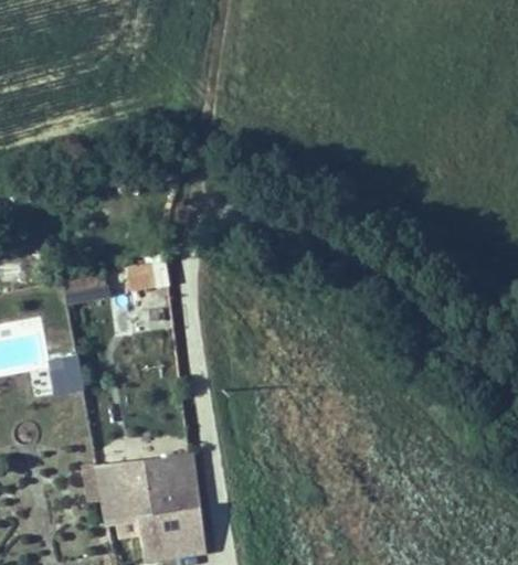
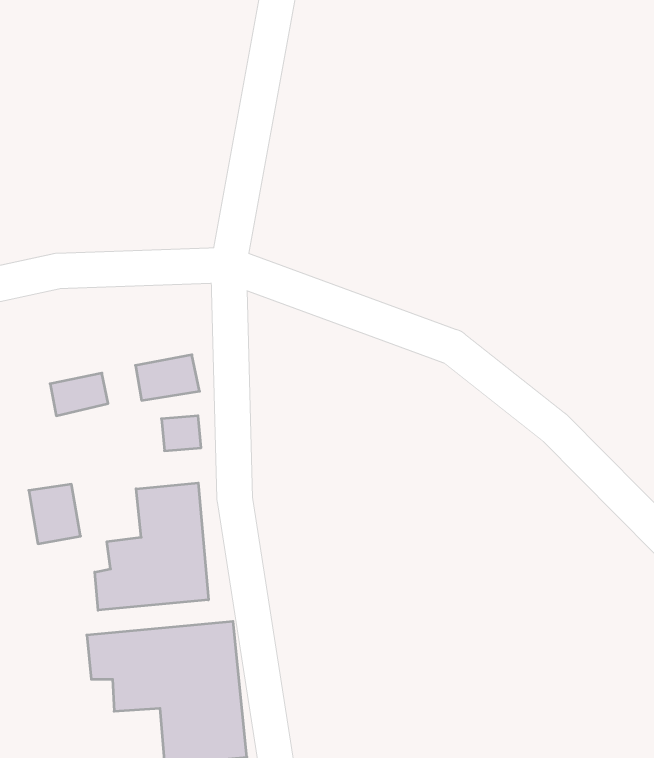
building: none -> [95,483,208,610]

